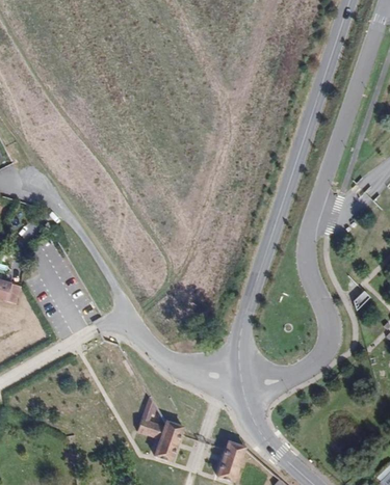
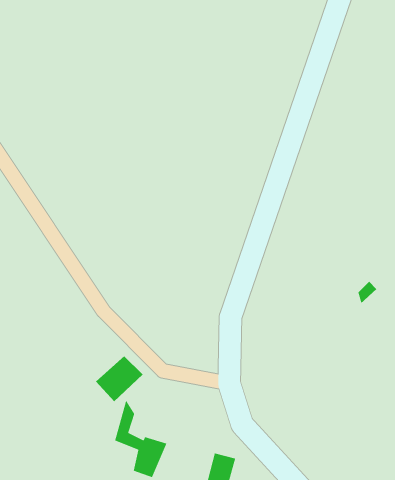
building: none -> [95,355,144,402]

